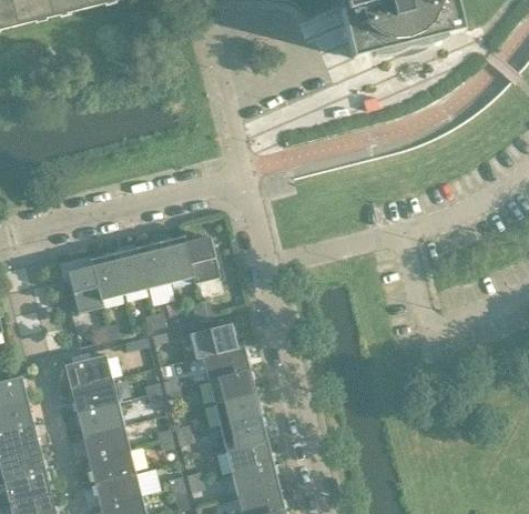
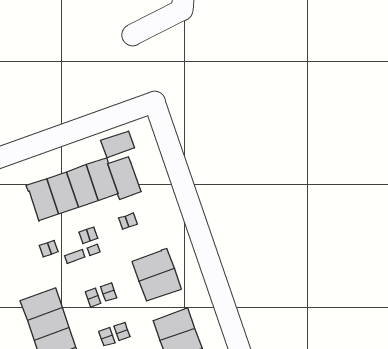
building: none -> [100,131,134,158]
building: [65,265,102,313] -> none
building: [189,323,235,359] -> none
building: [63,354,111,390] -> none
building: [213,393,260,426] -> none

